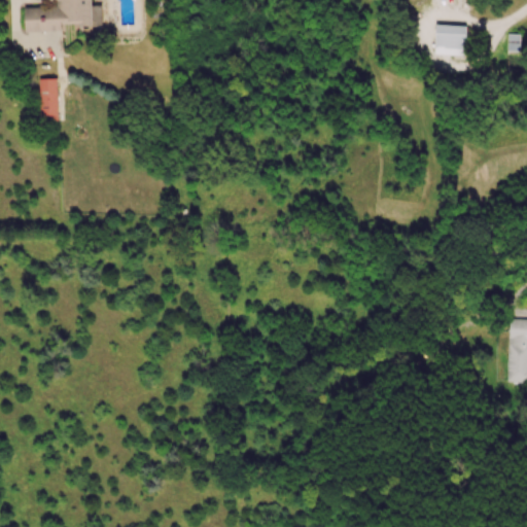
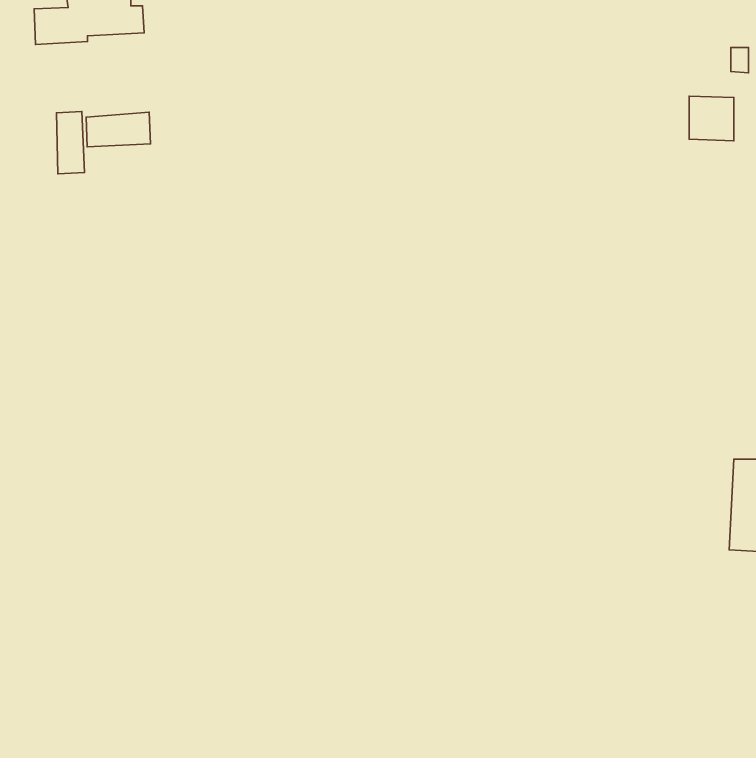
building: [436,24,467,55] -> [689,96,734,141]
building: none -> [86,112,151,147]

